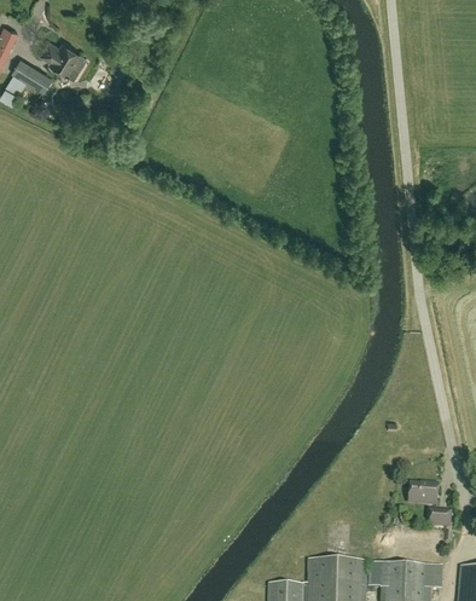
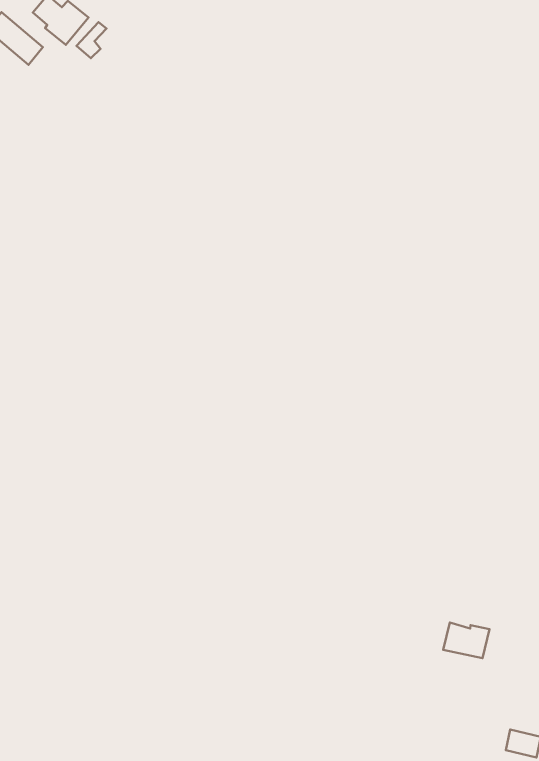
building: [408,482,439,504] -> [443,623,489,658]

